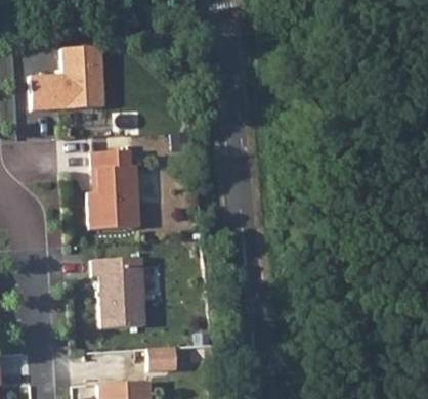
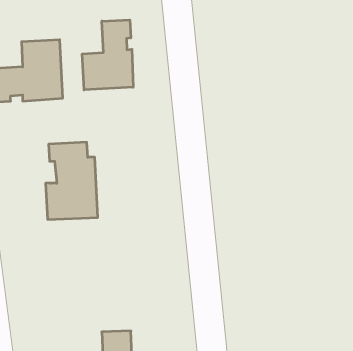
building: none -> [82,20,133,90]
building: [91,258,145,329] -> none

